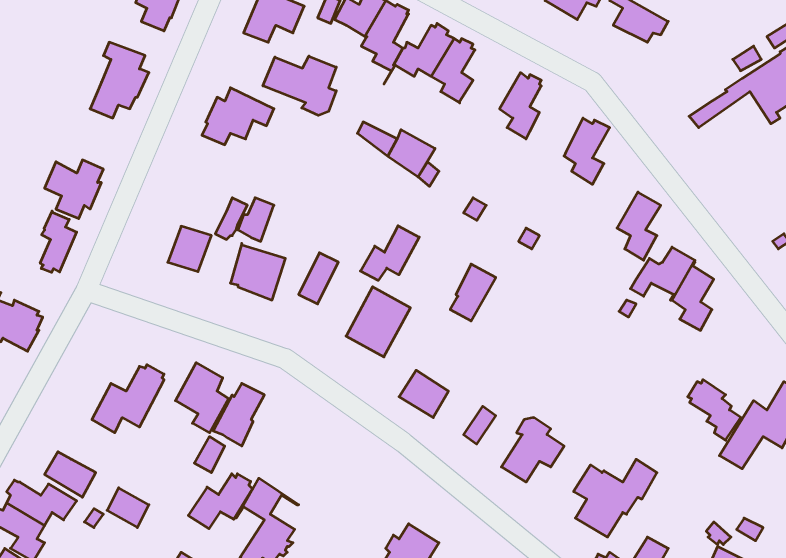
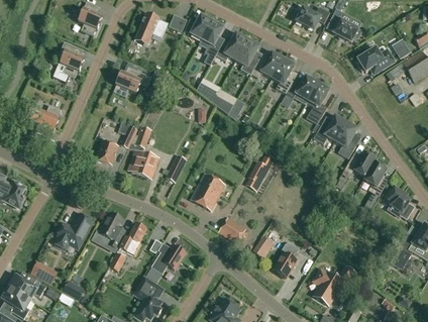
building: none -> [356,48,395,73]
building: [263,56,336,115] -> none
building: none -> [250,52,283,79]
building: none -> [288,77,317,102]
building: none -> [313,116,345,145]
building: [40,211,77,272] -> none
building: [360,226,419,280] -> none
building: [688,380,741,440] -> [386,188,414,220]
building: [188,474,253,529] -> [150,246,185,276]

